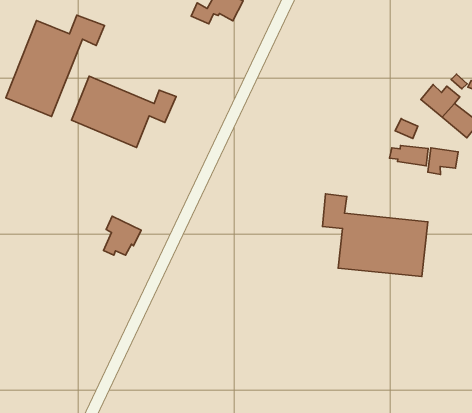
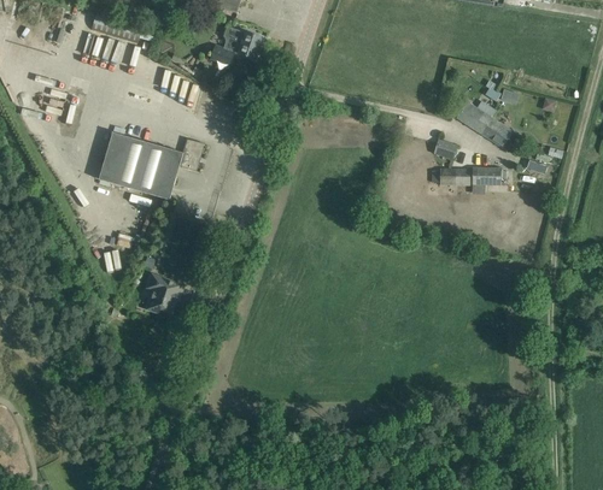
building: [6,15,105,117] -> none
building: [322,194,428,277] -> none

